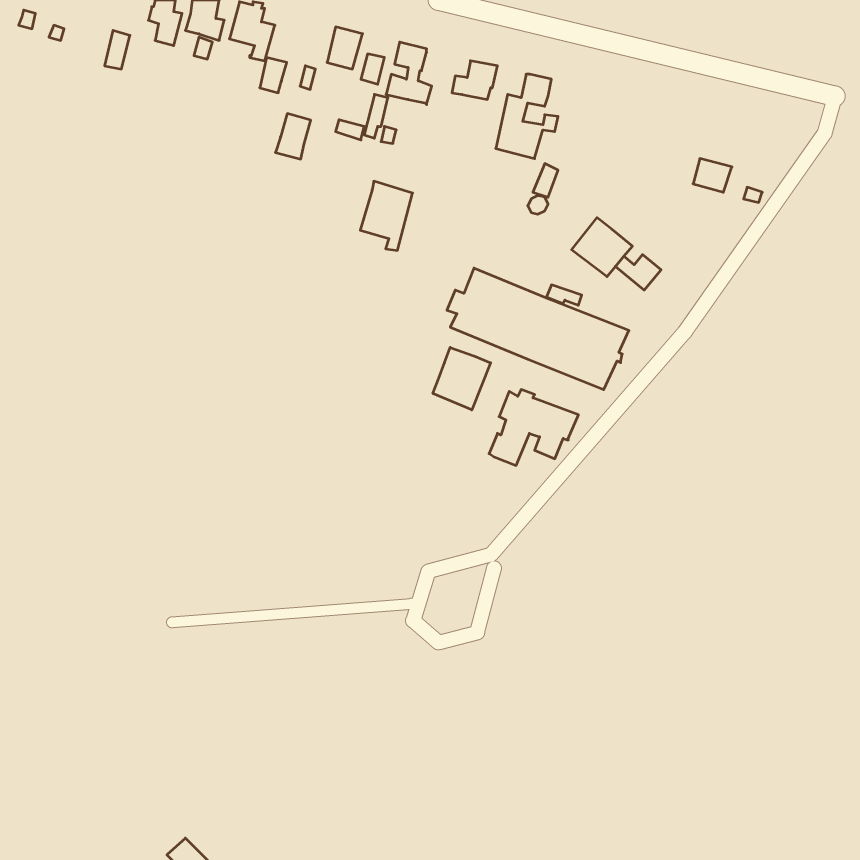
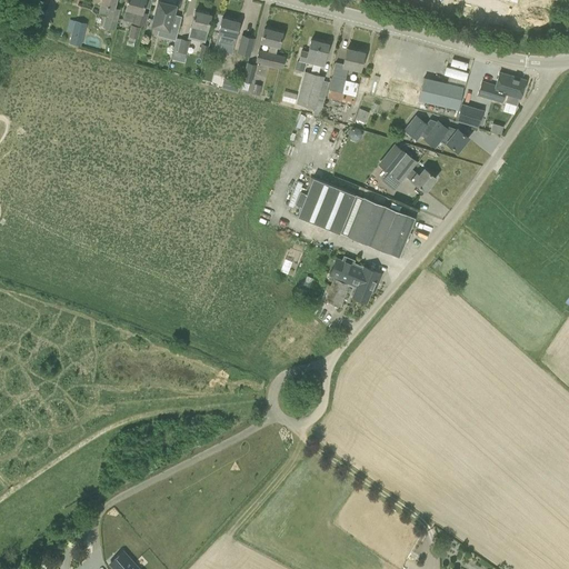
building: none -> [478,73,526,106]
building: [275,114,311,159] -> [188,12,211,42]
building: none -> [419,79,463,110]
building: none -> [405,112,469,151]
building: [360,181,413,250] -> [296,72,330,118]
building: [433,347,491,410] -> none

